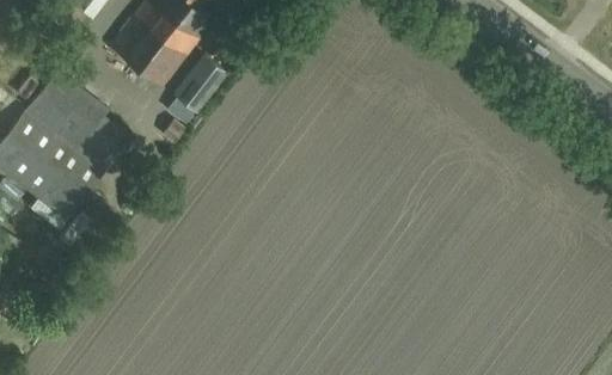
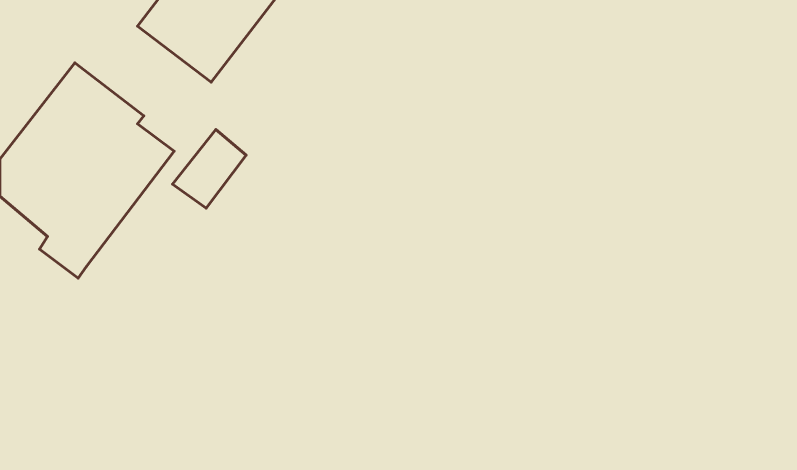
building: [171,56,226,115] -> [173,130,246,208]

